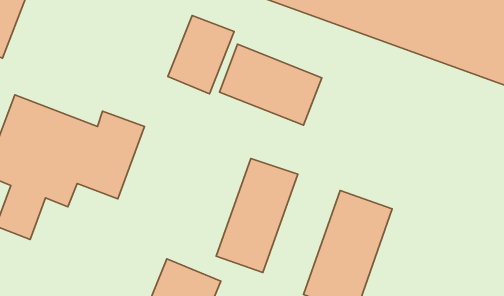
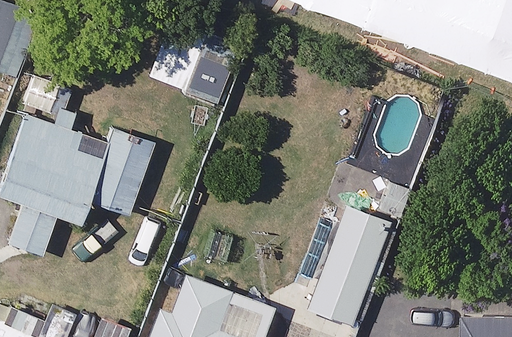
building: [220,44,322,125] -> none
building: [216,158,298,273] -> none

